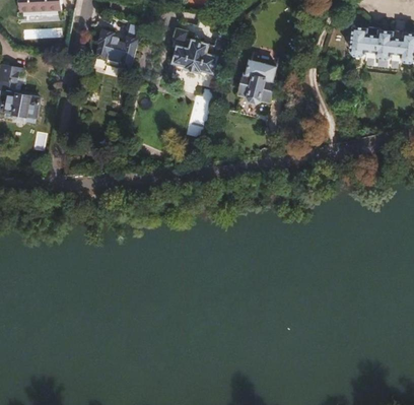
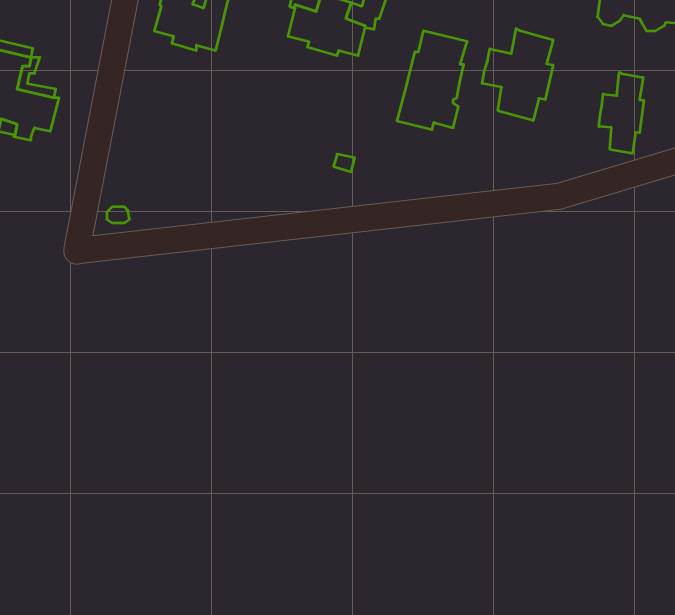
building: none -> [482,29,553,121]
building: none -> [599,72,644,153]

